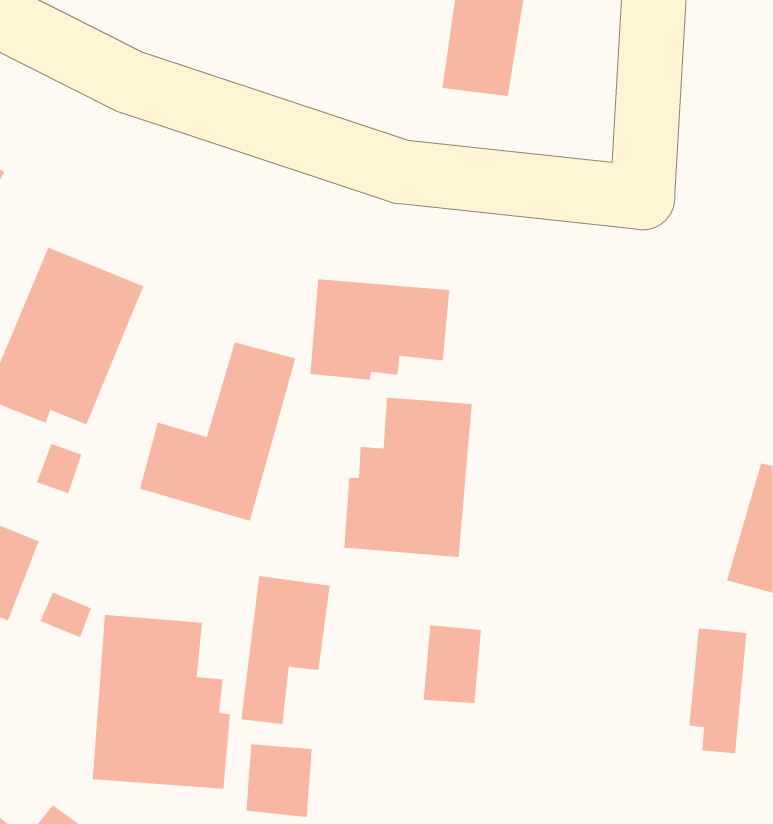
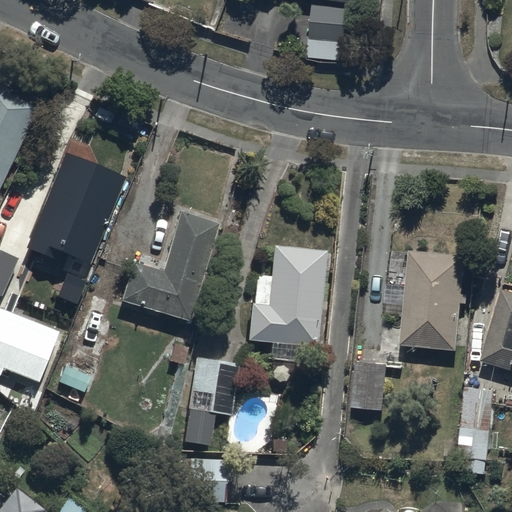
building: [310,278,450,381] -> none
building: none -> [403,249,466,347]
building: [92,614,231,790] -> none
building: [423,625,482,703] -> [351,361,387,409]

